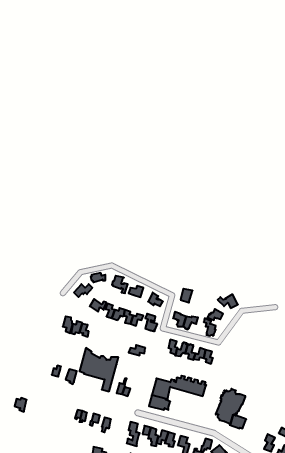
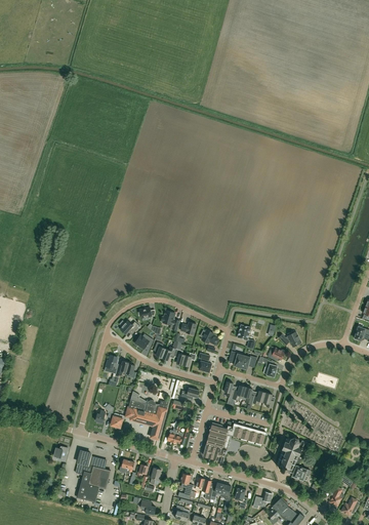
building: none -> [76,450,111,501]

